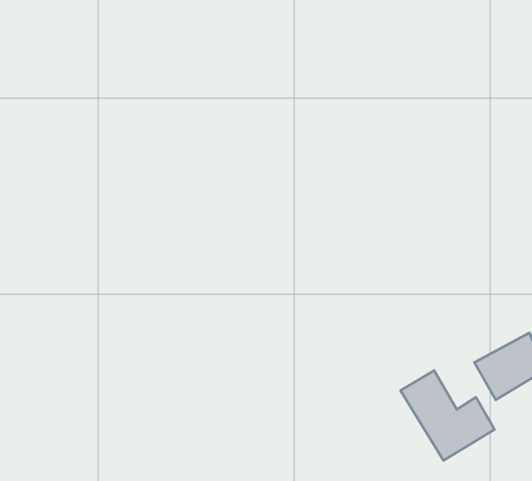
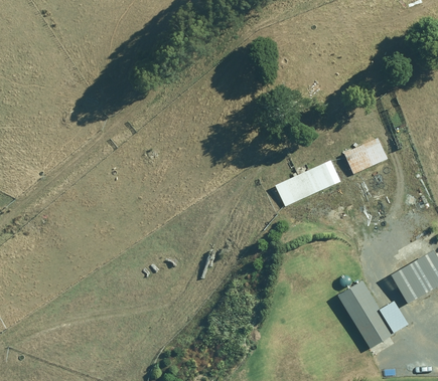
building: none -> [344,139,387,174]
building: none -> [276,161,340,206]

